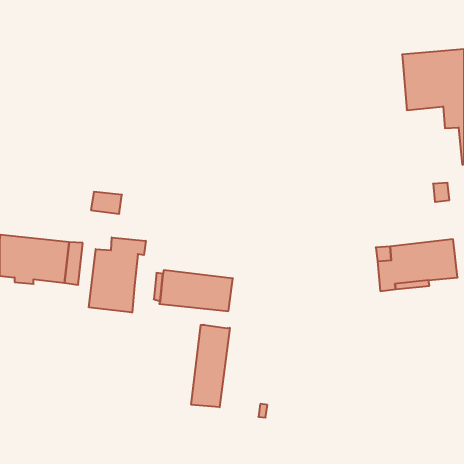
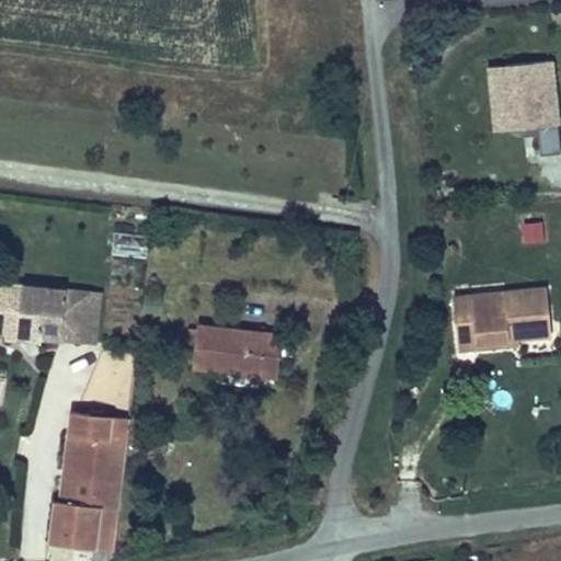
building: [89,237,146,313] -> none
building: [191,325,230,407] -> none
building: none -> [49,412,128,551]

